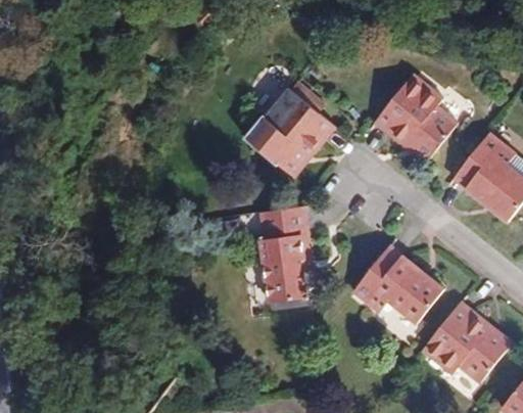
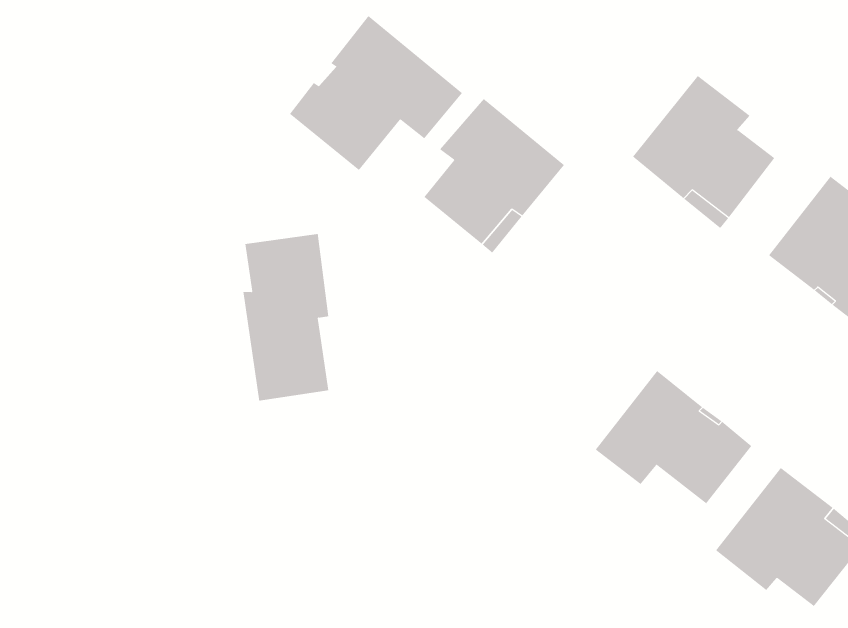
building: none -> [289,15,463,171]
building: [259,206,310,304] -> [243,233,329,401]

